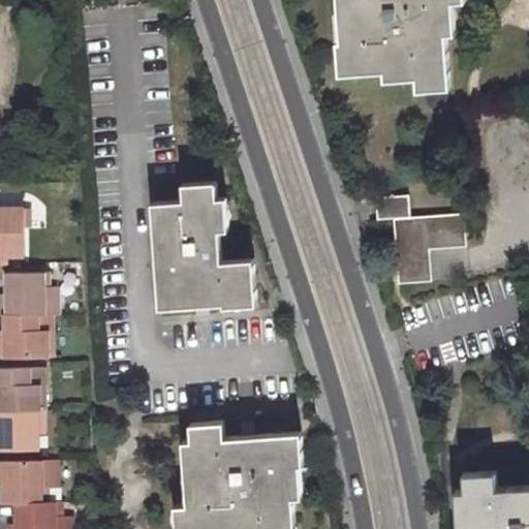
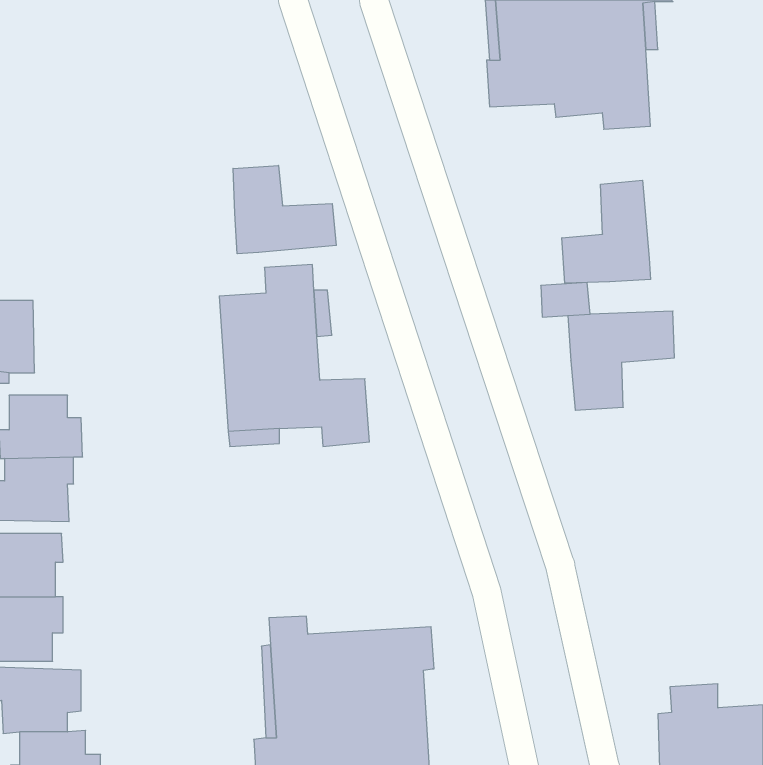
building: none -> [233,165,336,254]
building: none -> [562,180,651,283]

